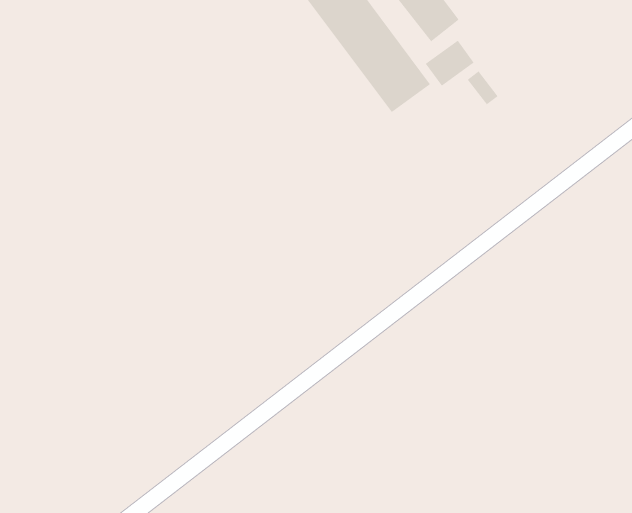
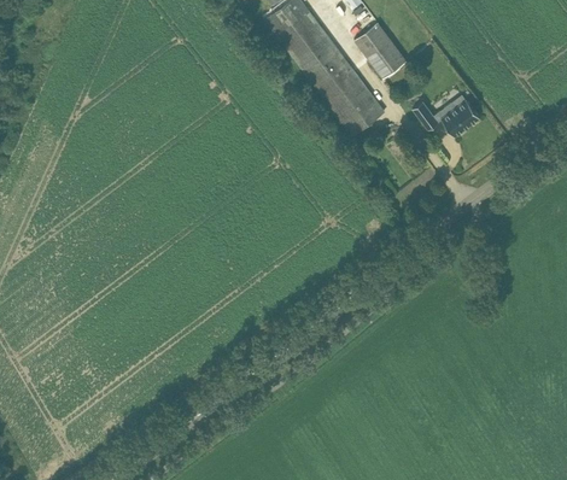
building: [425,40,475,87] -> [440,99,480,136]

